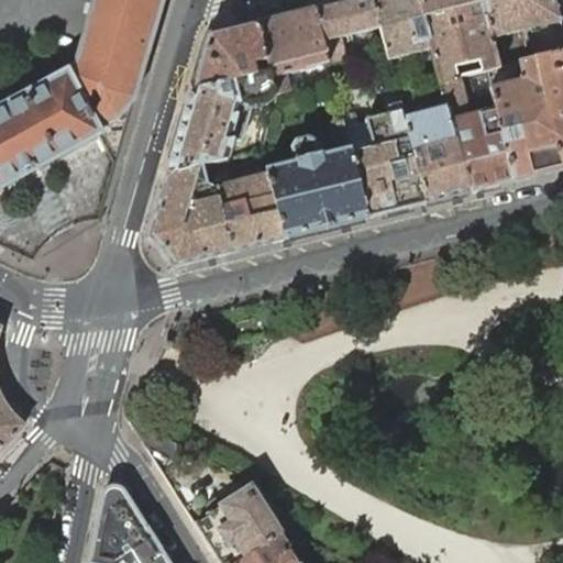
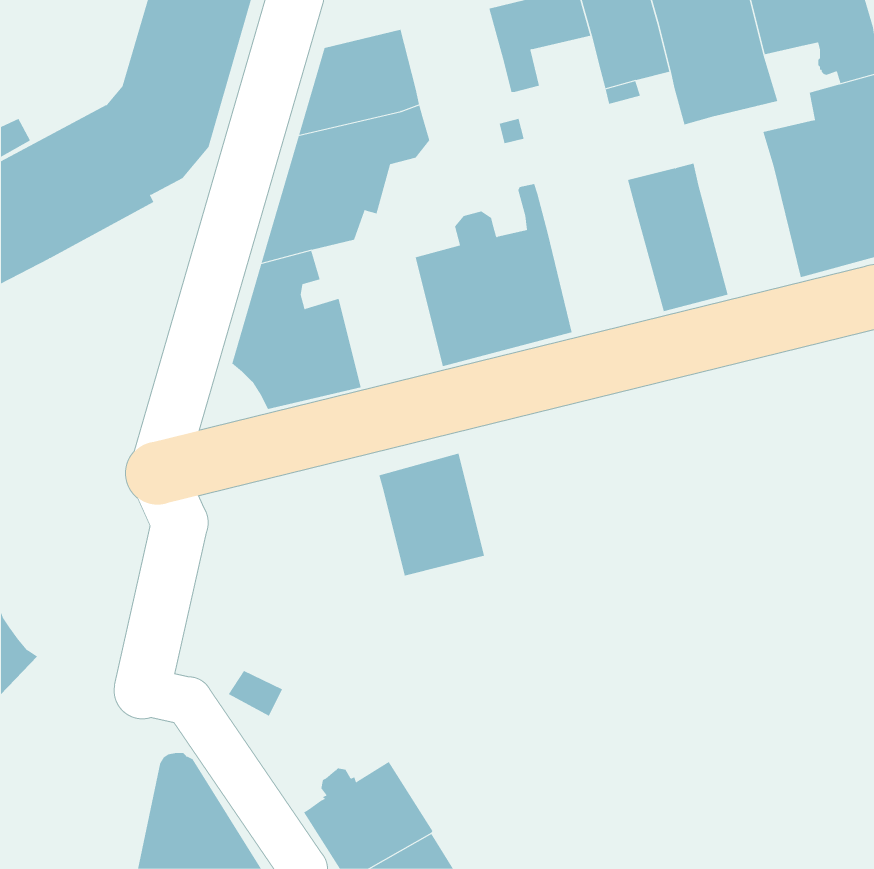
building: [258,5,329,90] -> none
building: [440,75,515,189] -> none
building: [353,78,427,213] -> none
building: [217,169,285,249] -> [378,453,485,576]

